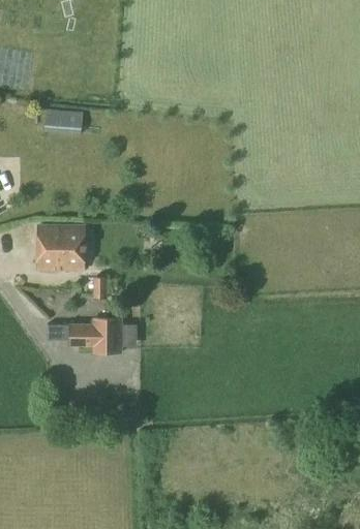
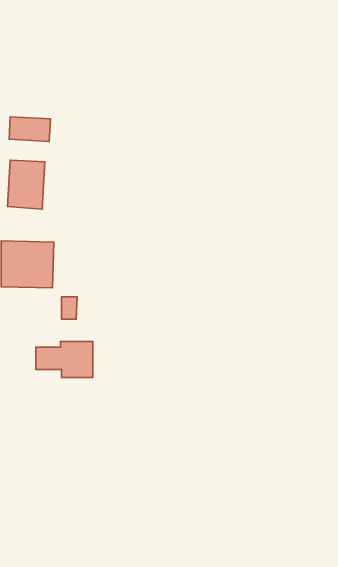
building: none -> [7,160,45,209]

